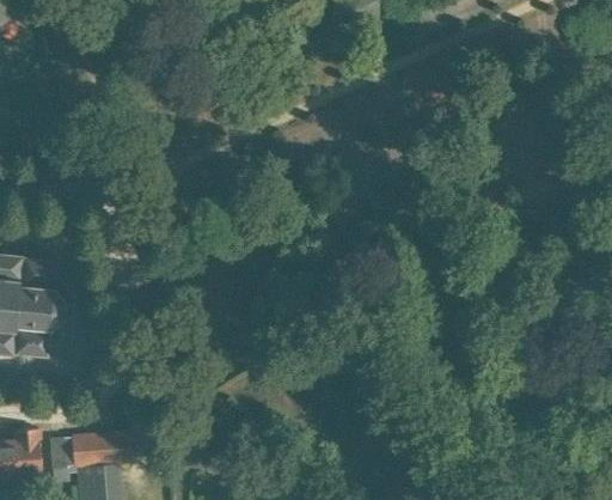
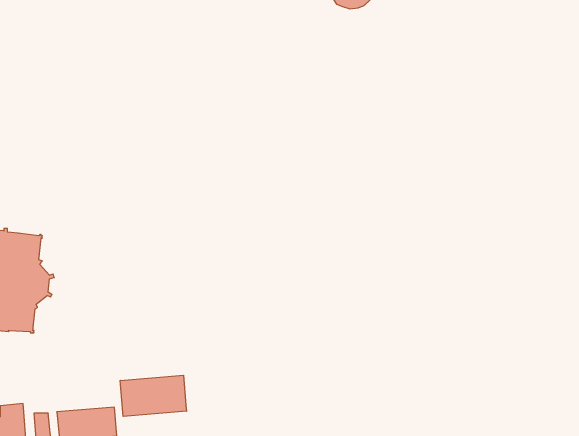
building: none -> [120,375,187,416]

